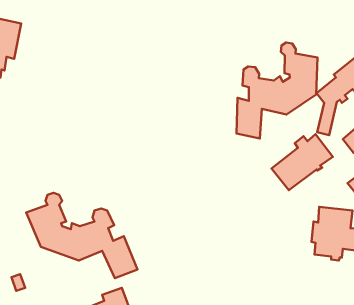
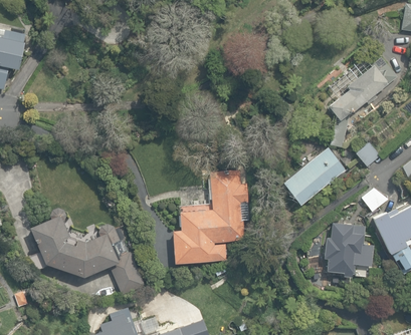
building: [237,43,318,138] -> none
building: none -> [173,171,249,263]

